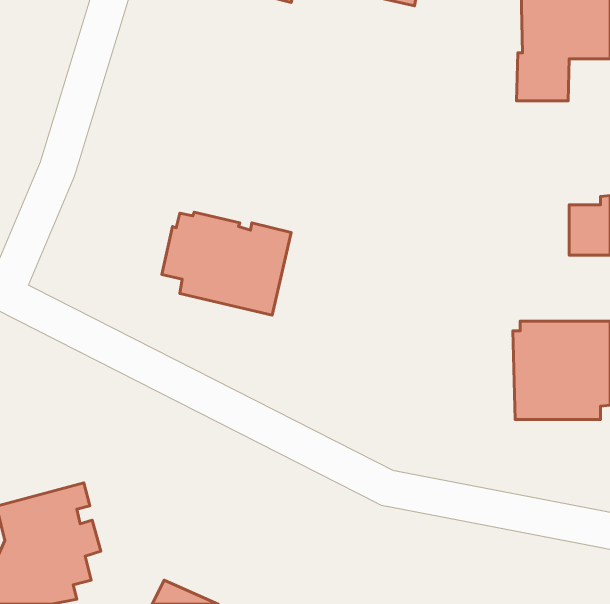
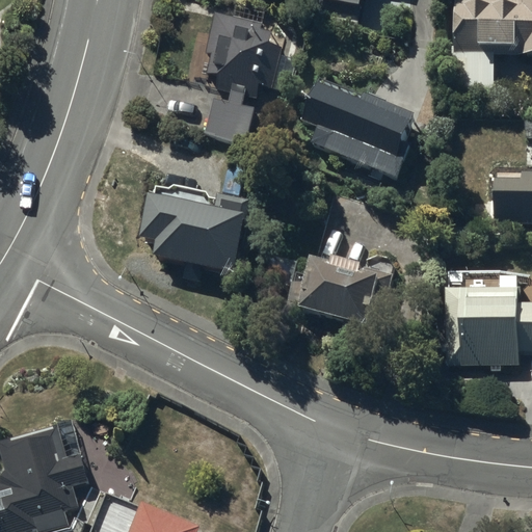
building: none -> [202,8,283,142]
building: none -> [300,80,415,177]
building: none -> [299,259,392,324]

